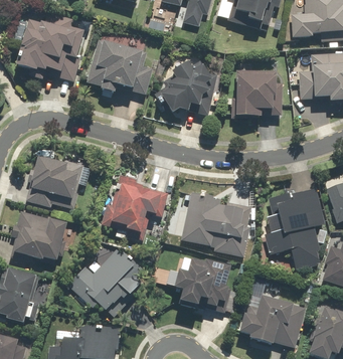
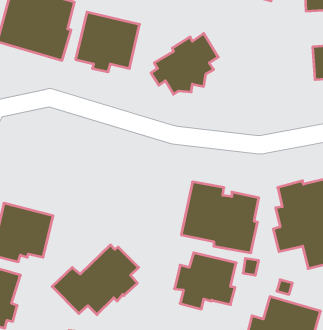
building: [232,69,278,119] -> none
building: [26,156,91,209] -> none
building: [105,175,162,240] -> none

